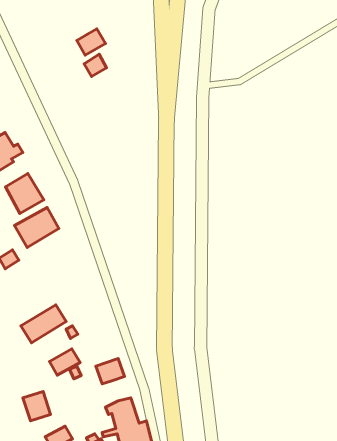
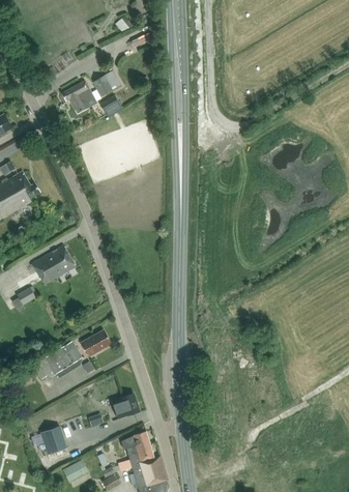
building: none -> [61,81,95,114]
building: [5,174,44,214] -> none
building: [50,349,80,375] -> [81,330,111,356]

